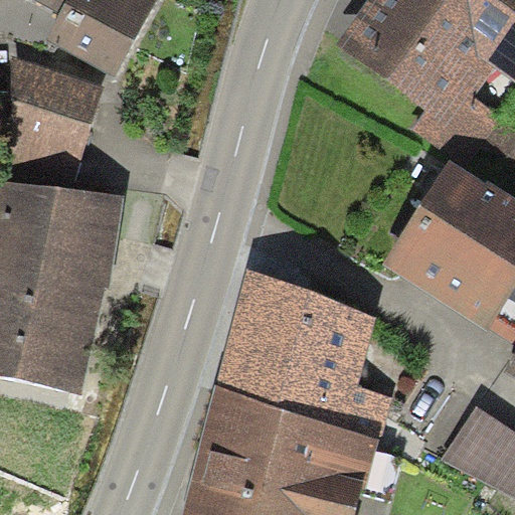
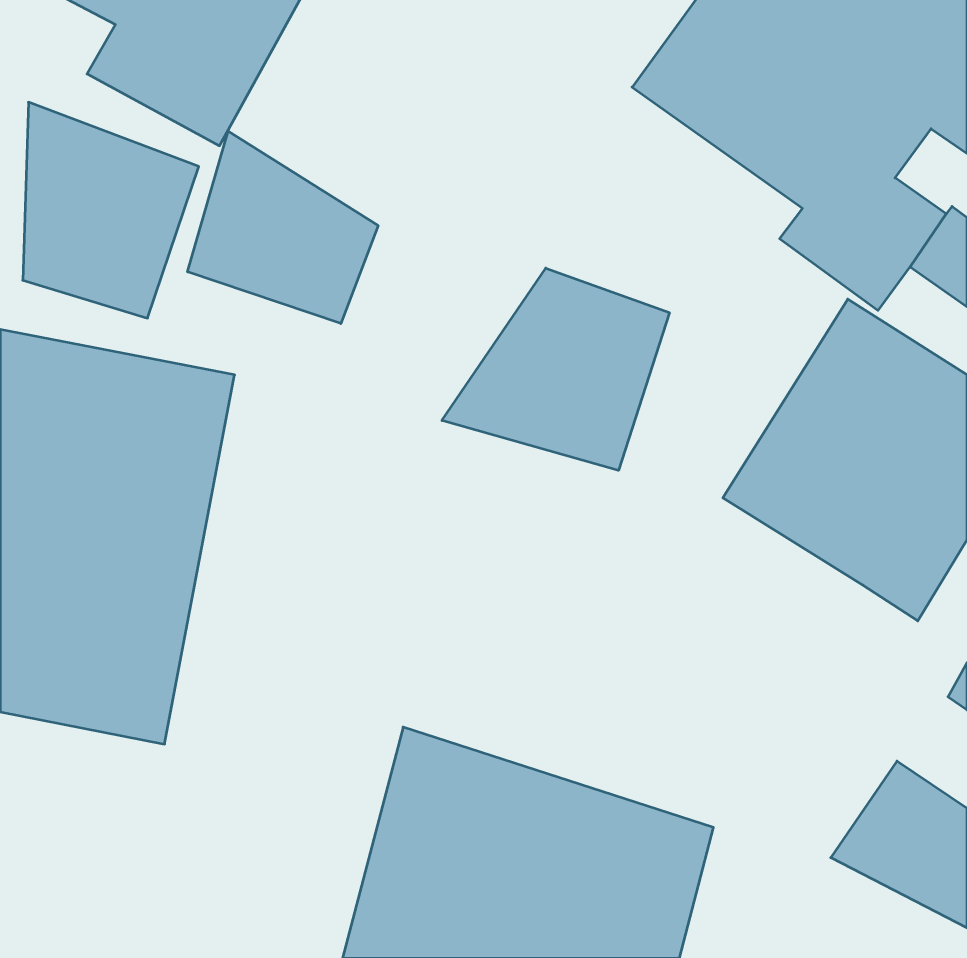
building: none -> [188,131,378,324]
building: none -> [442,268,669,470]
building: [214,273,391,440] -> none

